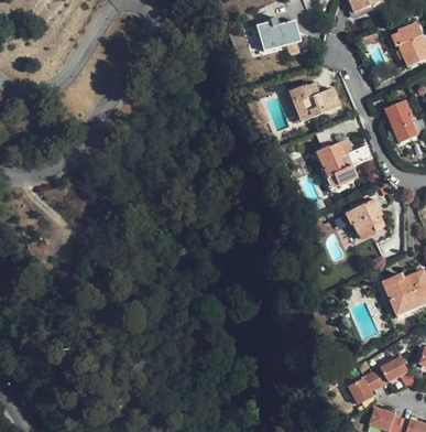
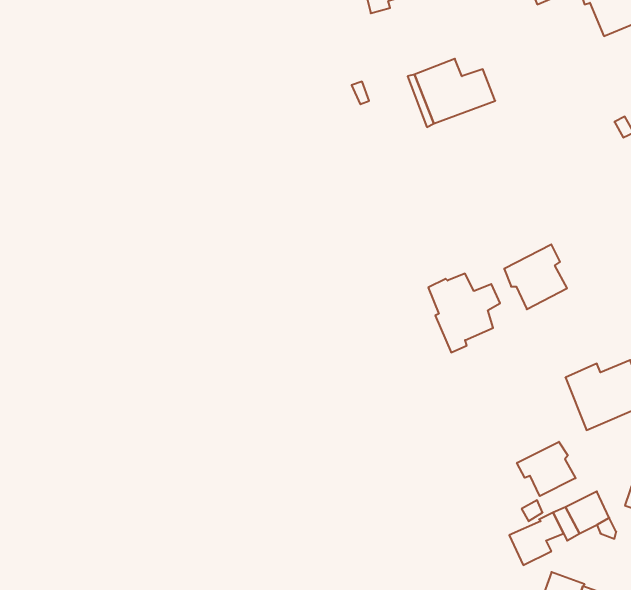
building: [384,100,417,142] -> none
building: [315,143,360,193] -> [428,274,500,352]
building: none -> [517,442,576,496]

